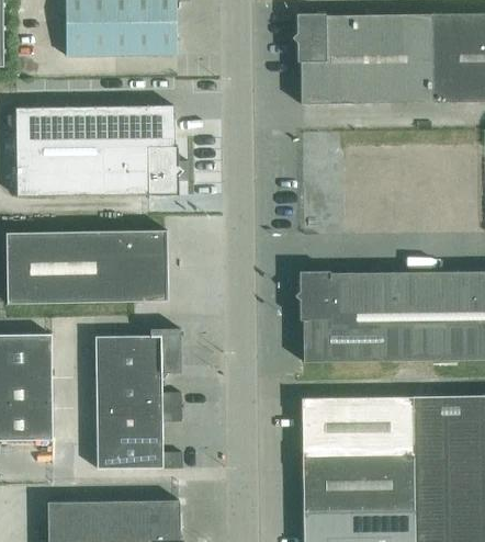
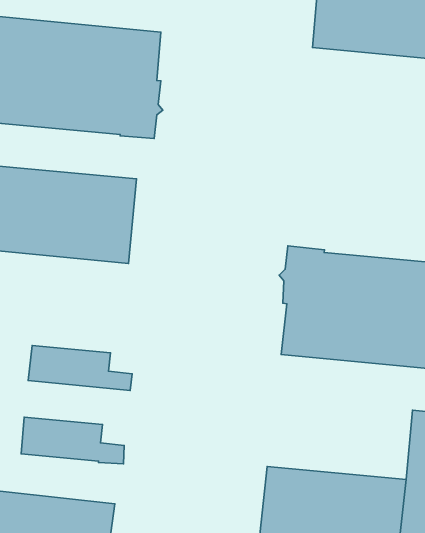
building: [94,329,181,377] -> none
building: [301,396,418,456] -> none
building: [95,406,181,438] -> none

